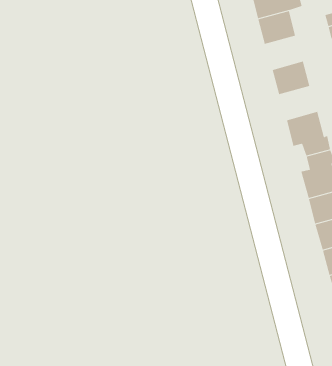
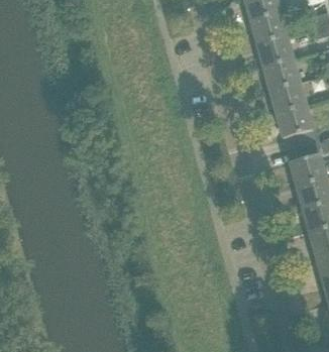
building: none -> [256,35,293,67]
building: none -> [269,82,306,113]

